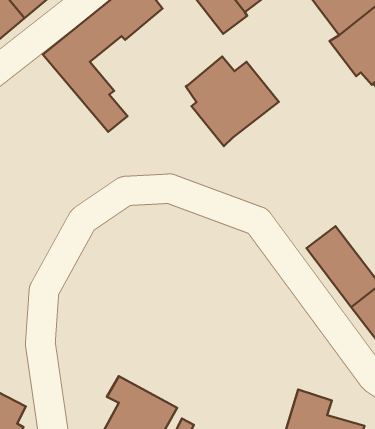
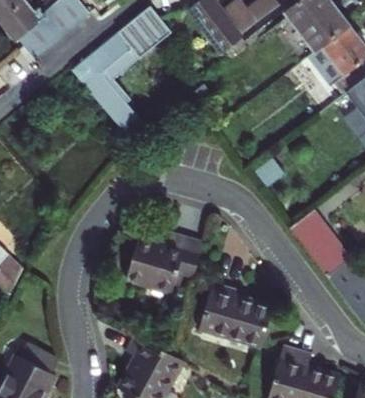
building: [186,57,279,146] -> none
building: none -> [126,235,202,294]
building: none -> [199,284,272,347]

